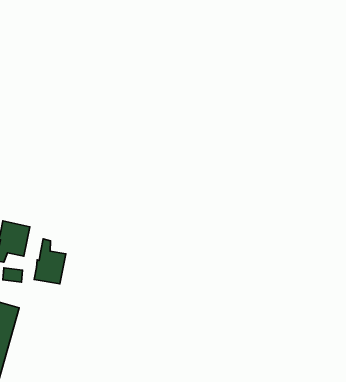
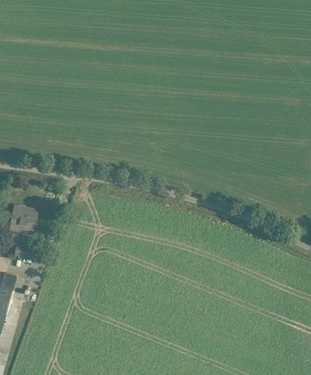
building: [34,239,66,284] -> none

